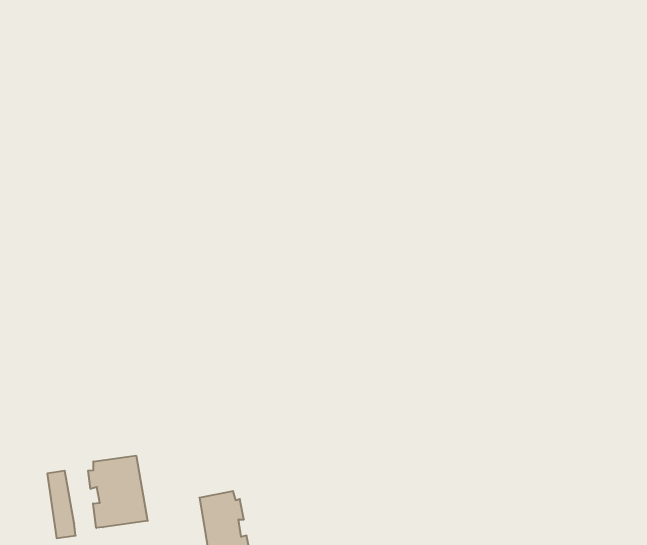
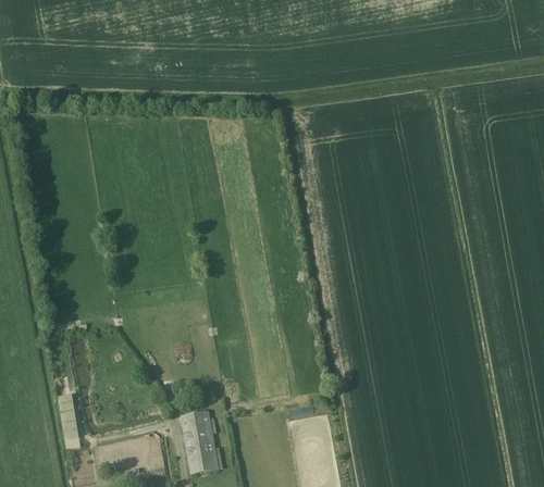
building: [88,456,148,528] -> none

